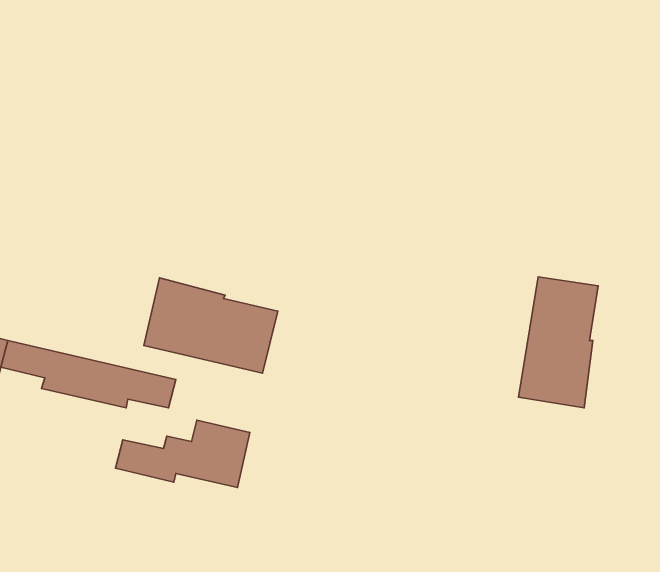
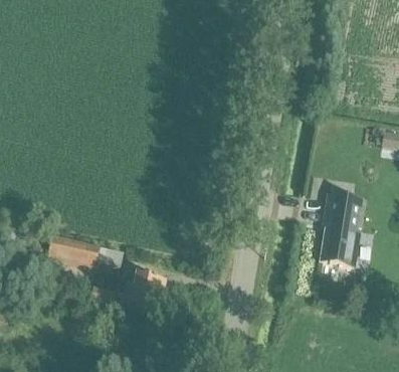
building: [144,278,278,373] -> none

